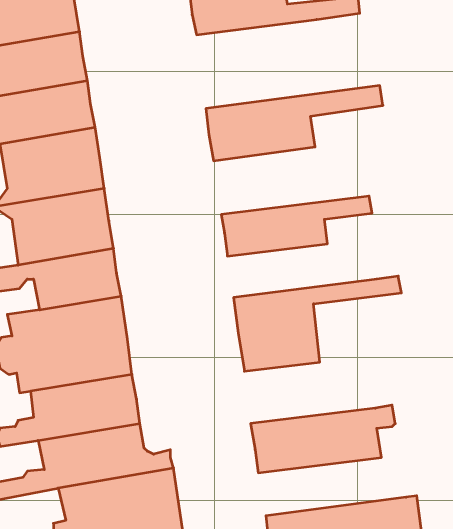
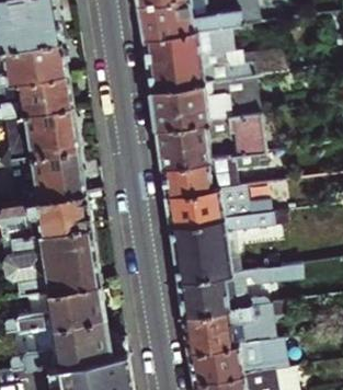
building: none -> [142,25,286,89]
building: none -> [155,112,265,164]
building: none -> [164,184,271,223]
building: none -> [176,253,301,313]
building: none -> [186,335,291,379]

